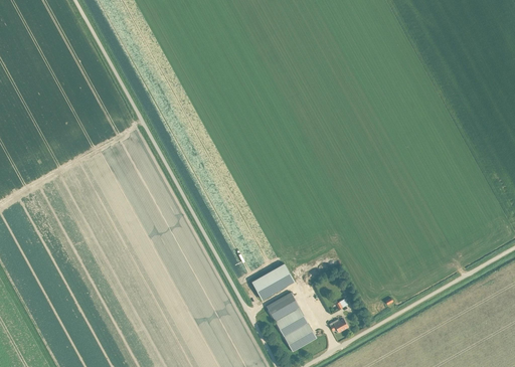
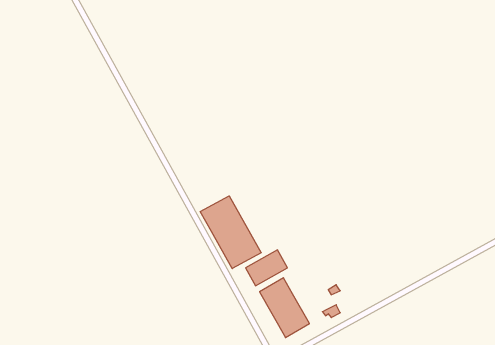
building: none -> [200,196,261,269]

